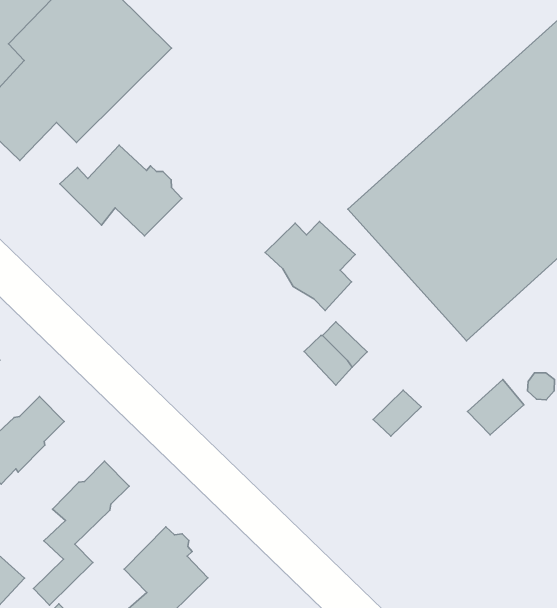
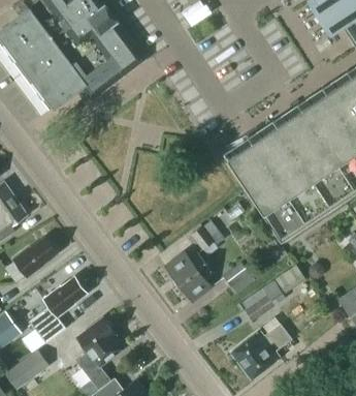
building: [60,145,182,236] -> none
building: [265,221,355,310] -> [165,251,214,301]
building: none -> [239,281,286,321]
building: none -> [232,324,291,377]

